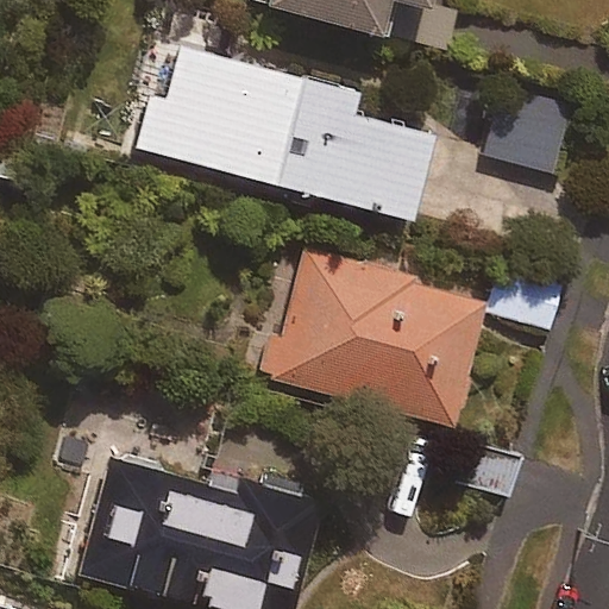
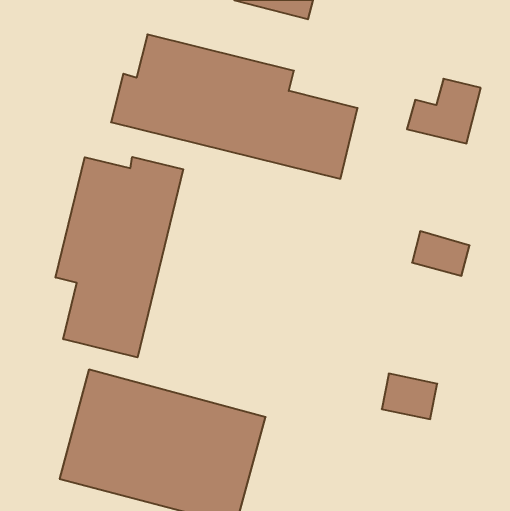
building: none -> [56,157,183,357]
building: [268,250,485,426] -> none

